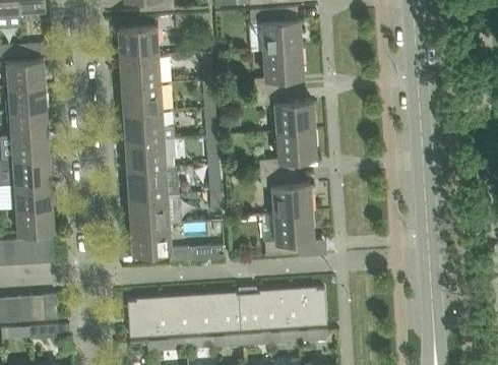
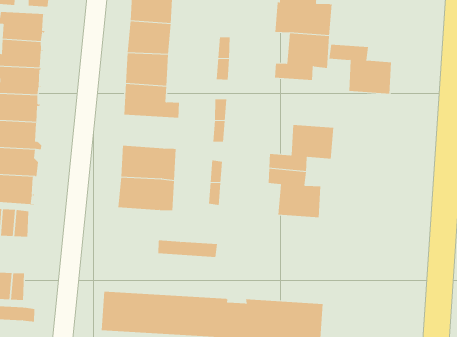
building: [256,90,315,132] -> [329,44,392,94]
building: [126,139,177,170] -> none
building: [265,212,314,256] -> none
building: [131,224,171,254] -> none

